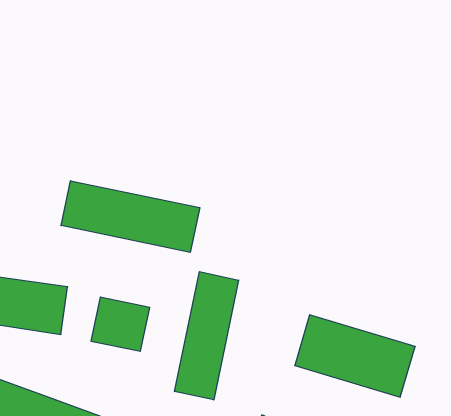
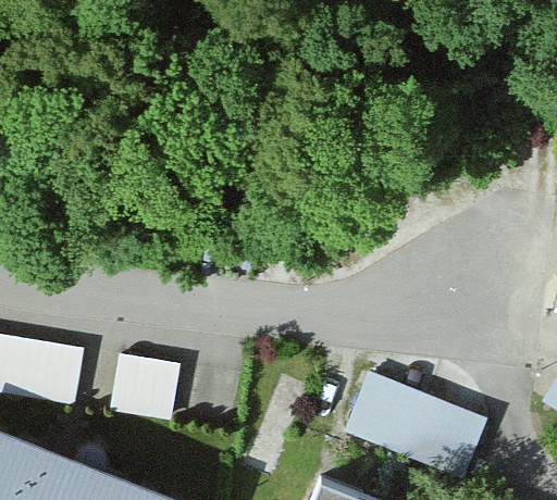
building: [61,181,200,252] -> none
building: [175,272,239,400] -> none

